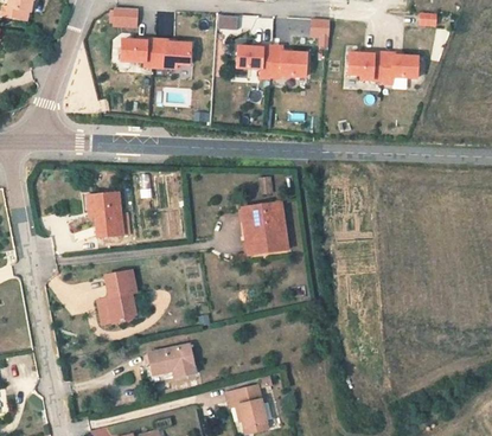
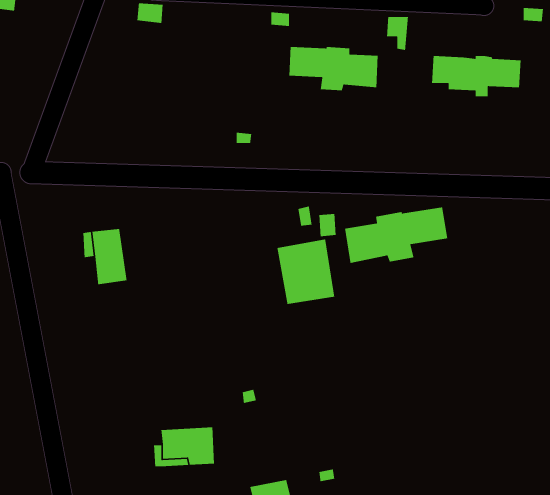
building: [132,39,202,70] -> none
building: none -> [344,206,448,264]
building: [97,268,127,319] -> none

